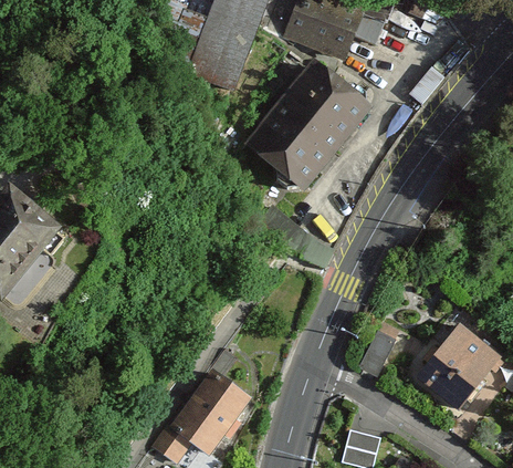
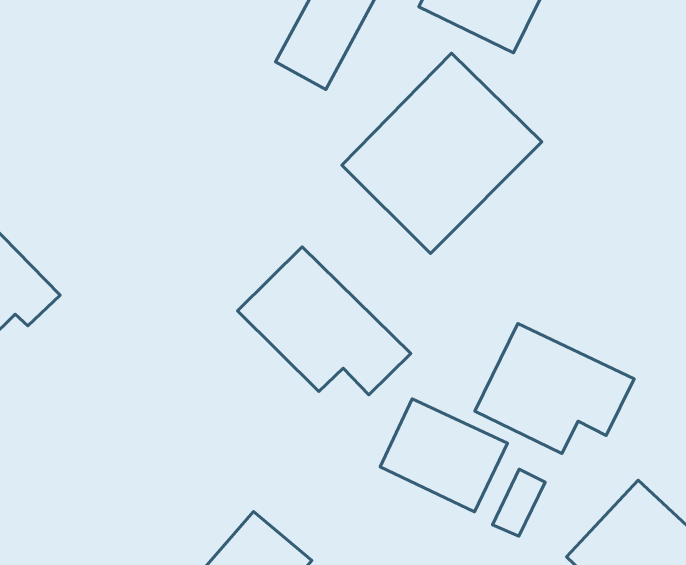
building: none -> [238,247,411,395]
building: none -> [475,323,634,454]
building: none -> [380,399,508,512]

